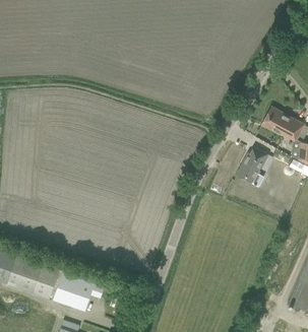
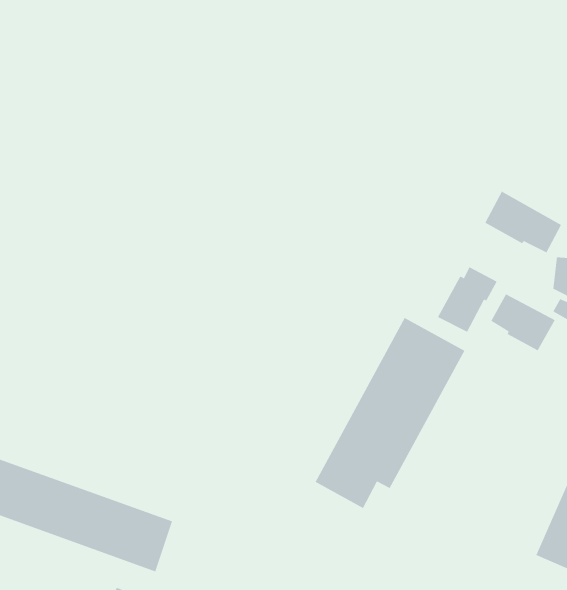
building: none -> [490,293,556,351]
building: none -> [315,317,465,509]

